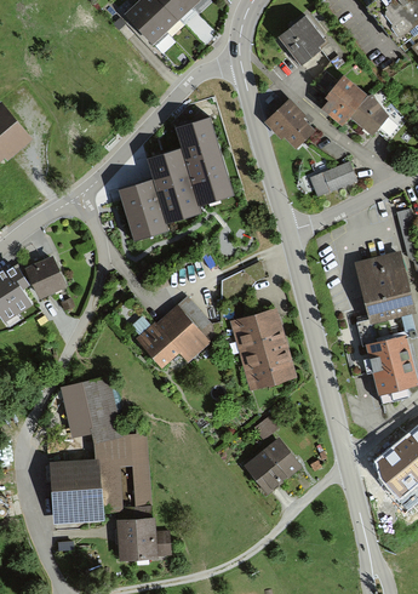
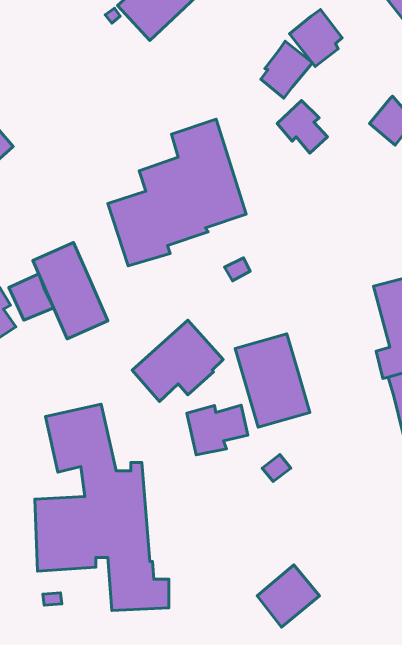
building: [321,78,367,128] -> [261,41,312,98]
building: [310,161,356,195] -> none
building: none -> [33,243,108,339]
building: none -> [187,405,248,455]
building: [245,439,300,495] -> [257,565,320,627]

